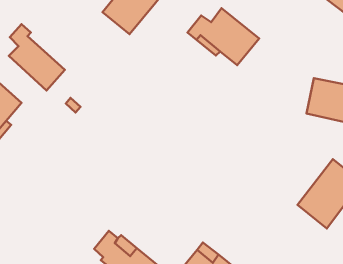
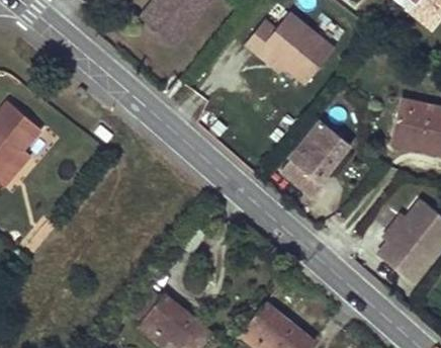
building: [9,24,65,90] -> none
building: none -> [285,123,352,198]

